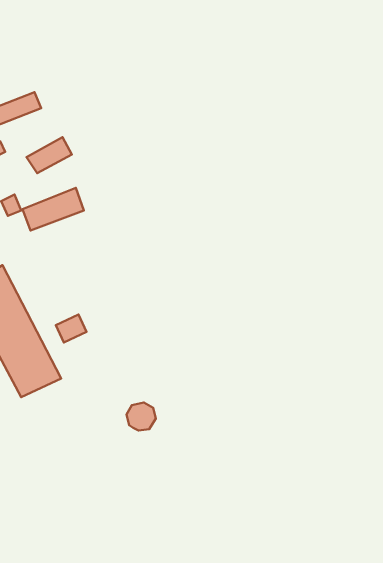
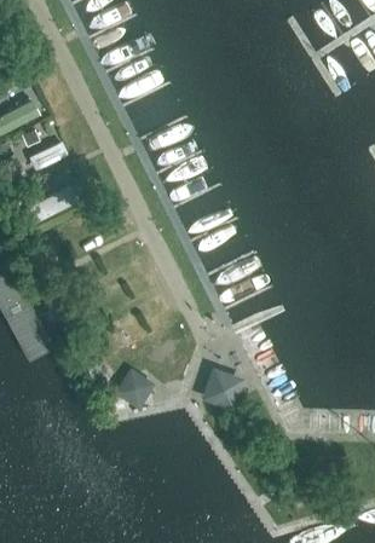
building: none -> [201,375,233,406]

